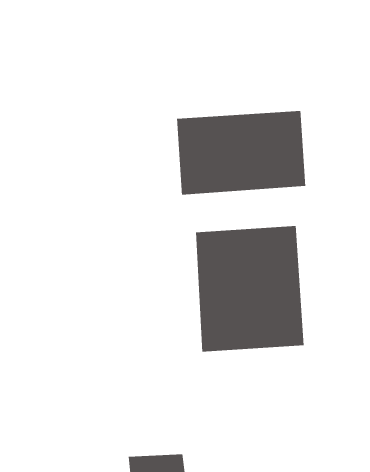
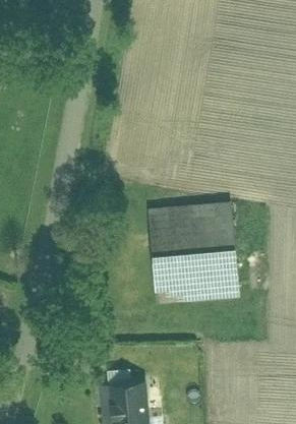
building: [177,110,306,195] -> none

